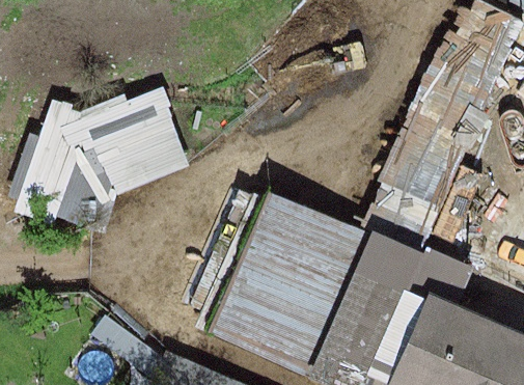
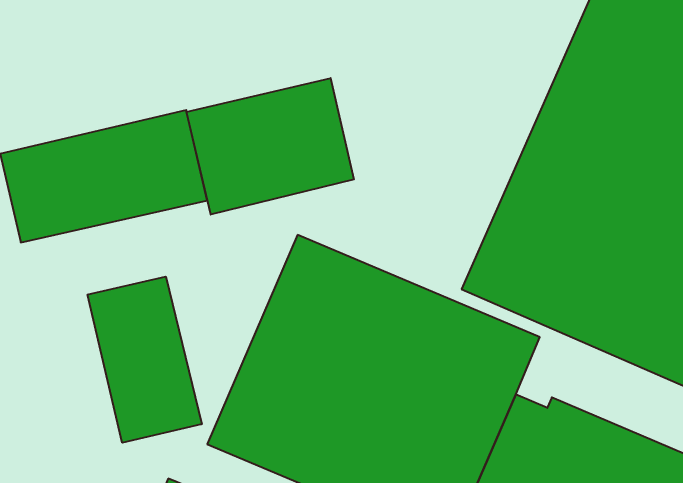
building: none -> [187,78,354,215]
building: none -> [88,277,202,443]

